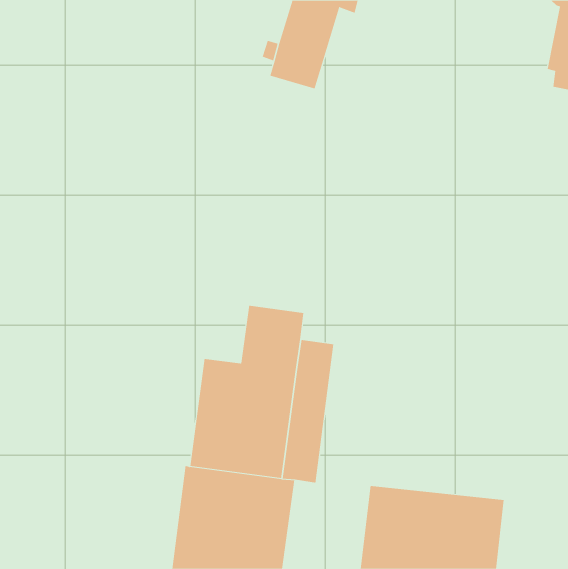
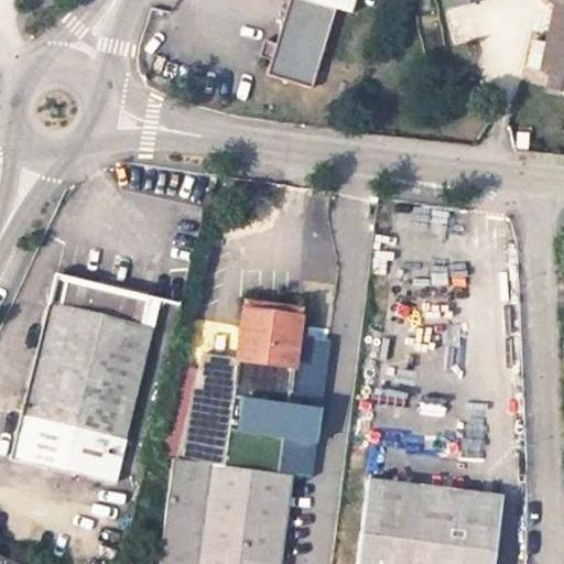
building: none -> [13,279,153,482]

